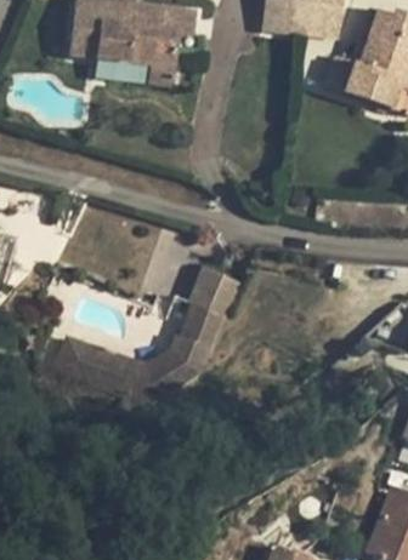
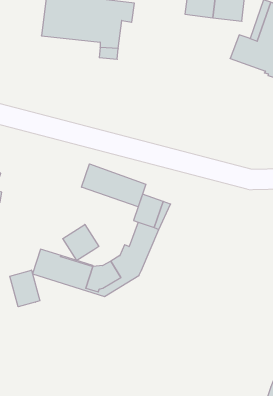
building: none -> [82,164,146,207]
building: none -> [63,224,99,261]
building: none -> [10,270,40,307]

